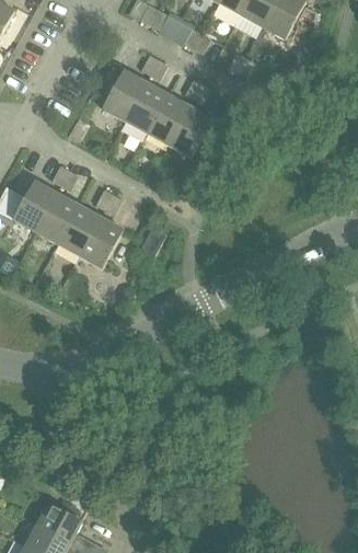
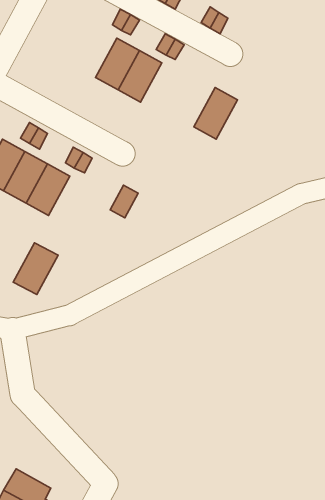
building: [102,70,146,120] -> none
building: [169,106,211,157] -> [194,88,238,139]
building: [79,217,123,267] -> [13,243,58,294]

